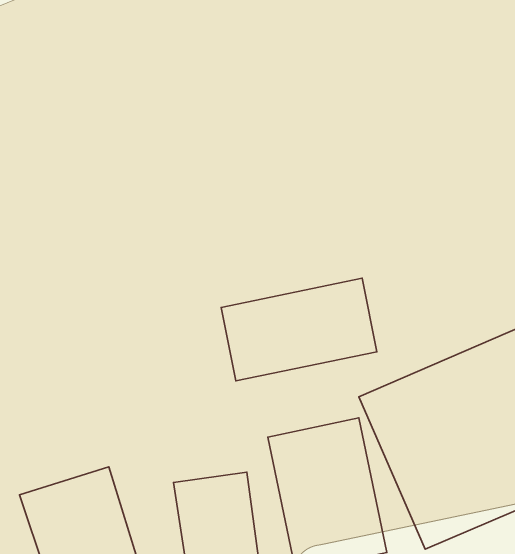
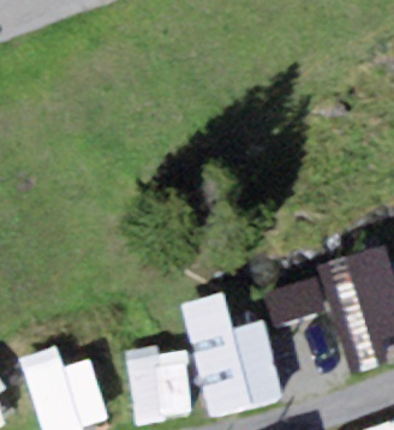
building: [221,278,377,381] -> none

